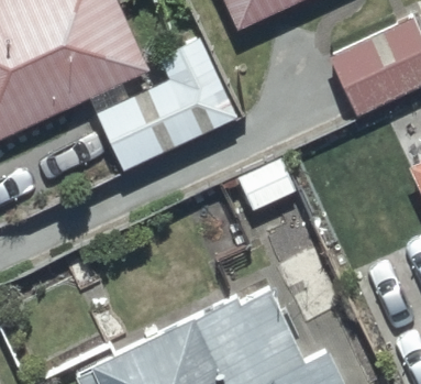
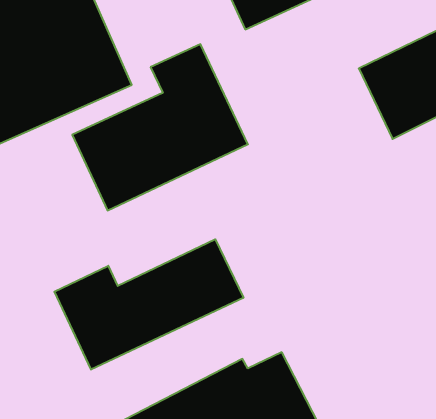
building: none -> [54,239,243,370]

